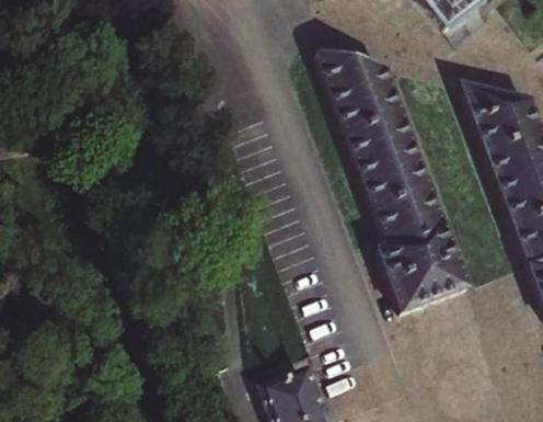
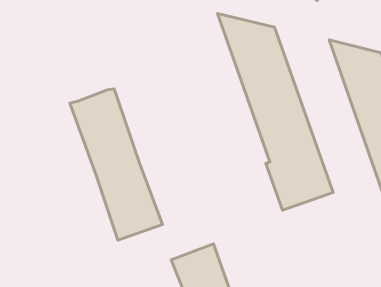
building: none -> [70,89,162,240]

